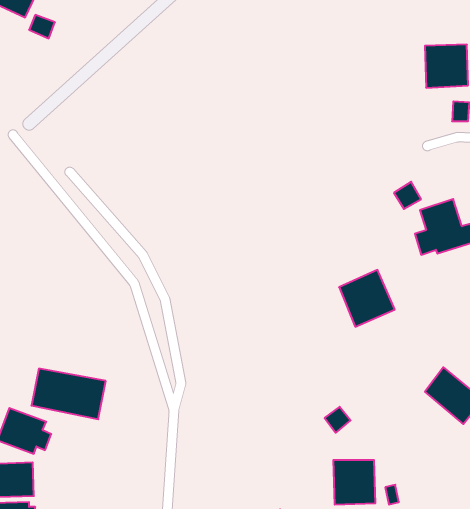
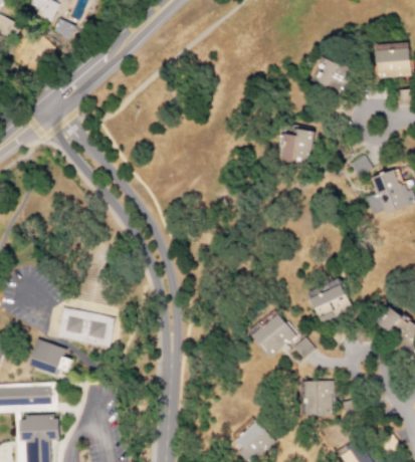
building: none -> [310,55,354,95]
building: none -> [278,128,315,165]
building: [339,270,395,327] -> [308,277,354,323]
building: none -> [252,313,296,356]

